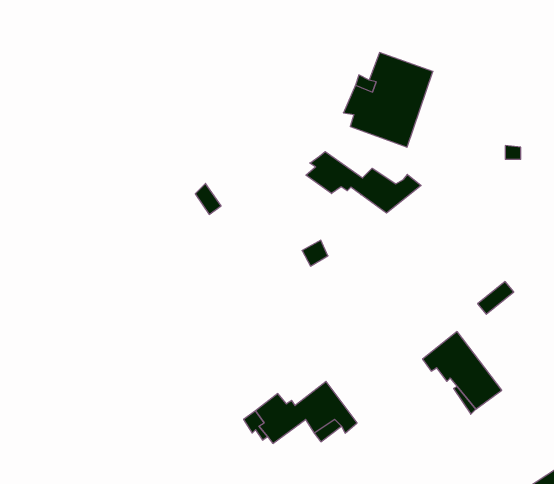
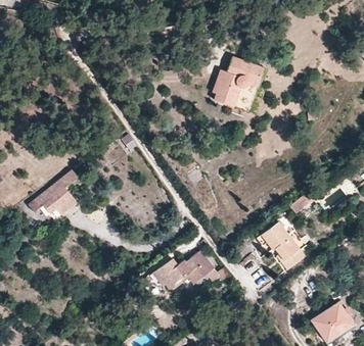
building: [306,152,421,213] -> none
building: none -> [29,168,79,216]

